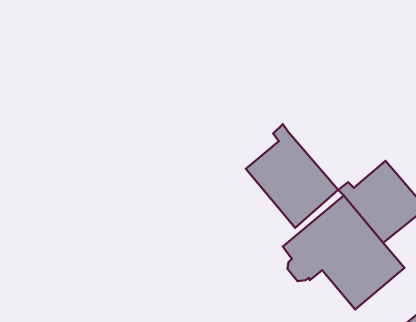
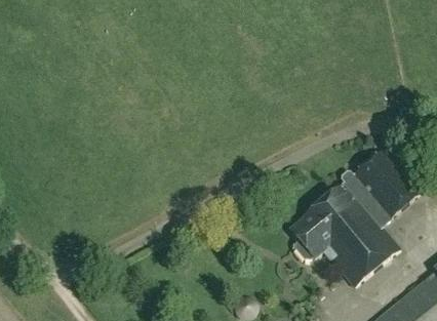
building: [246,124,338,228] -> none

